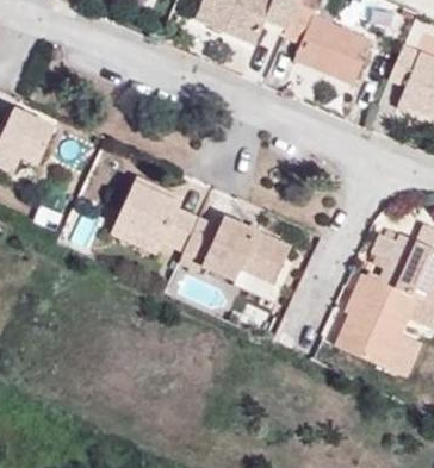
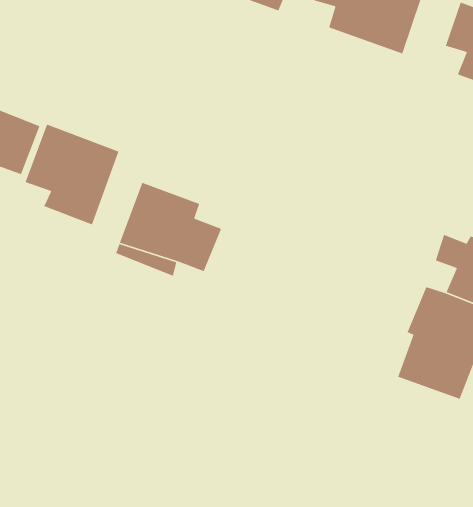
building: none -> [25,123,119,226]
building: [179,214,291,282] -> none

